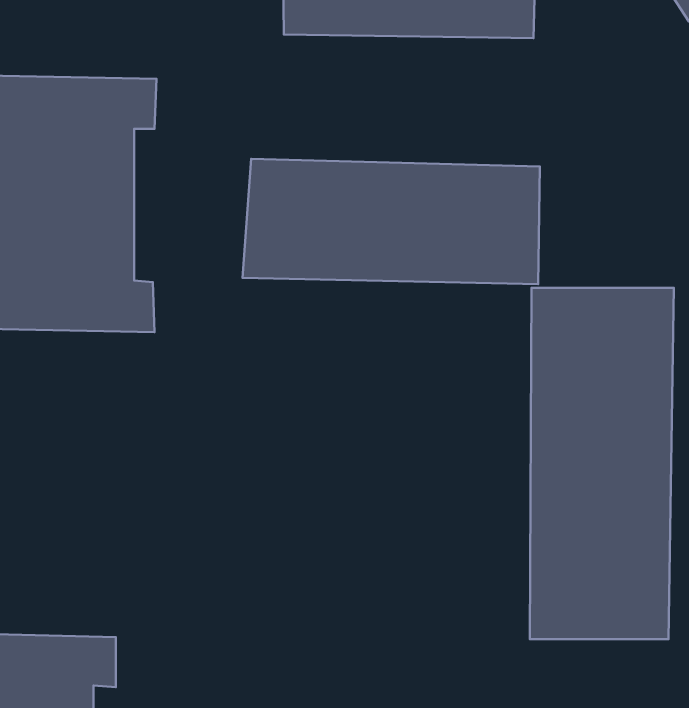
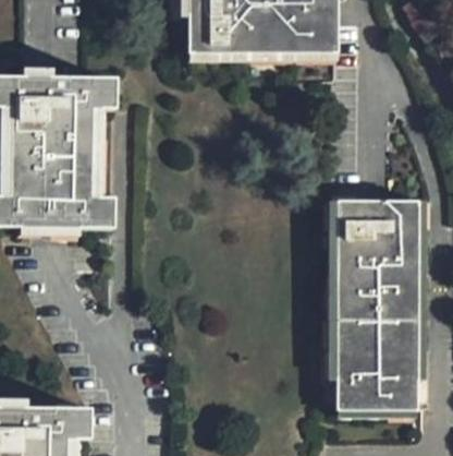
building: [243,159,540,284] -> none

